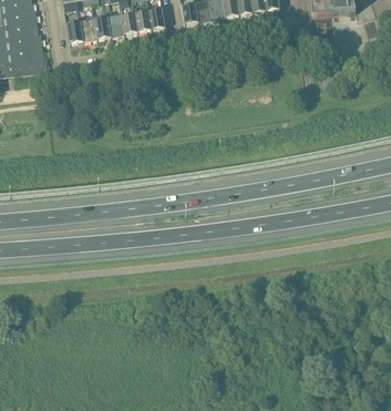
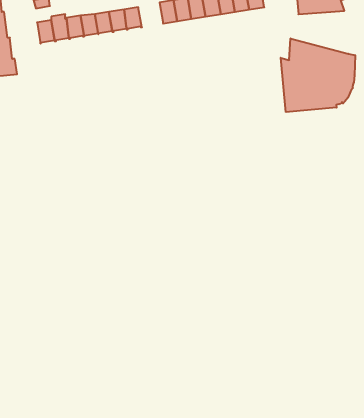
building: none -> [281,38,355,112]

